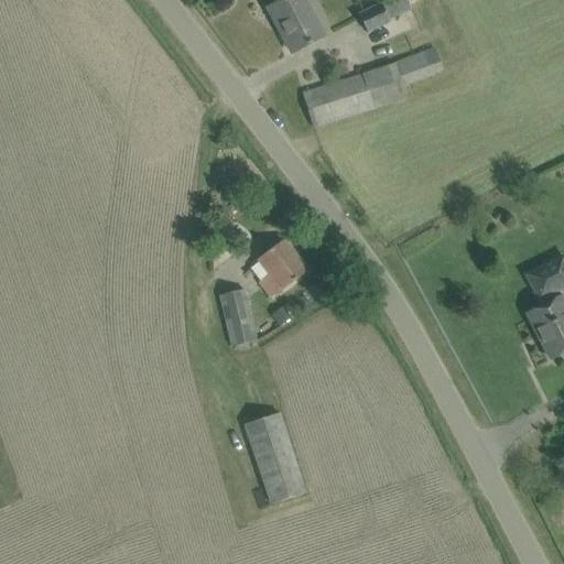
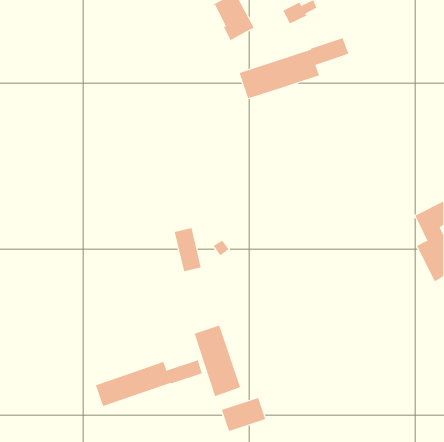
building: [251,238,308,296] -> none
building: none -> [95,359,203,407]
building: none -> [221,397,266,432]

